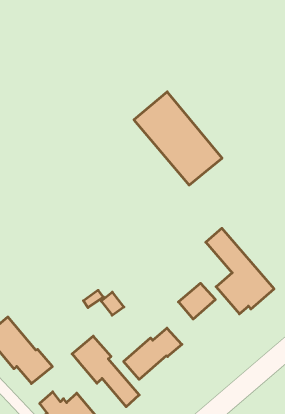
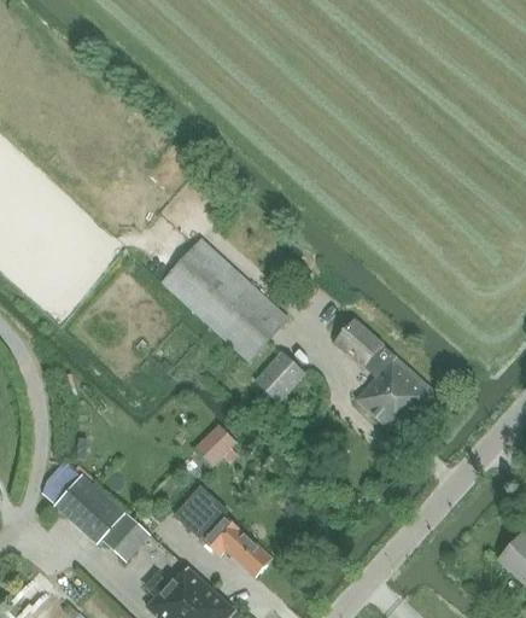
building: [134,92,222,185] -> [162,238,287,360]
building: [178,283,215,319] -> [255,352,304,402]
building: [124,328,182,379] -> none

